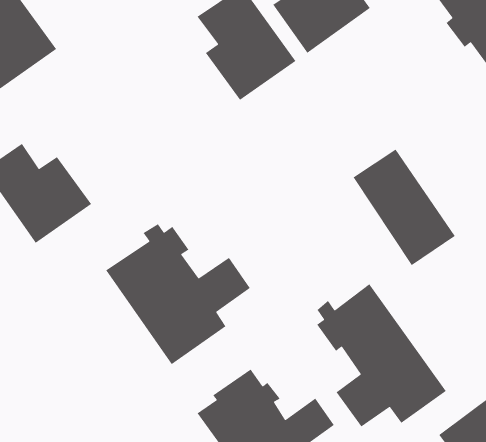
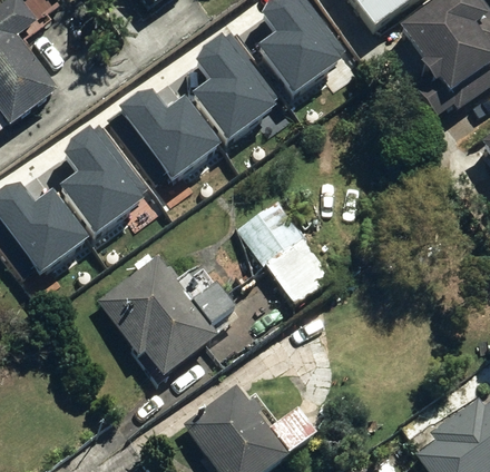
building: none -> [120,89,218,178]
building: none -> [58,119,151,227]
building: [353,148,456,266] -> [242,198,337,307]
building: [316,283,447,428] -> none

